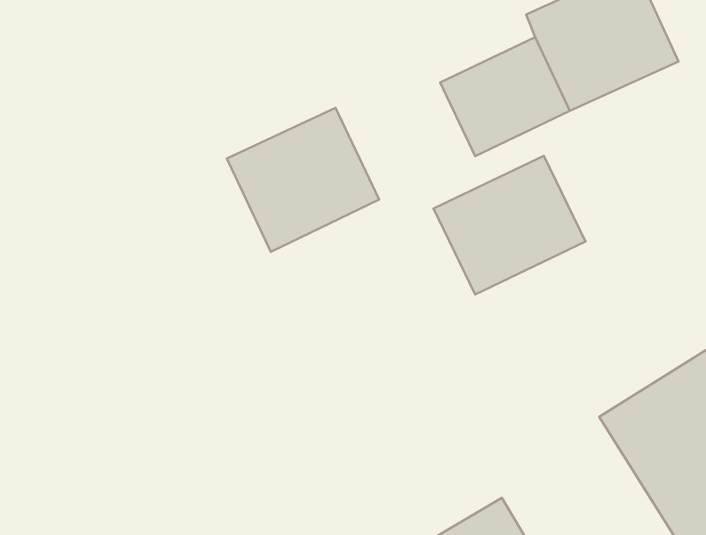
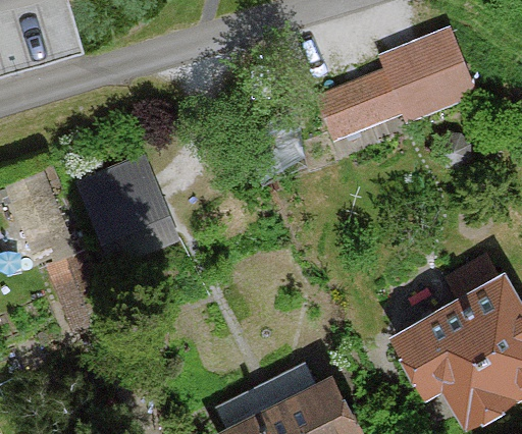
building: [227,108,379,252] -> [67,157,166,250]
building: [434,156,585,294] -> none

